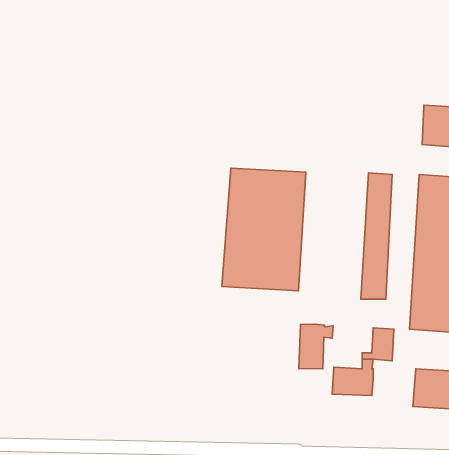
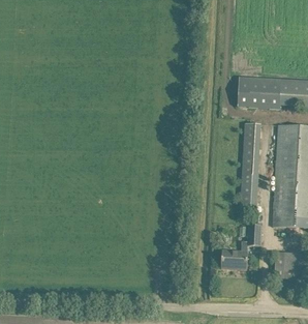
building: none -> [238,76,281,108]
building: [222,168,306,291] -> none
building: [299,324,333,369] -> none

